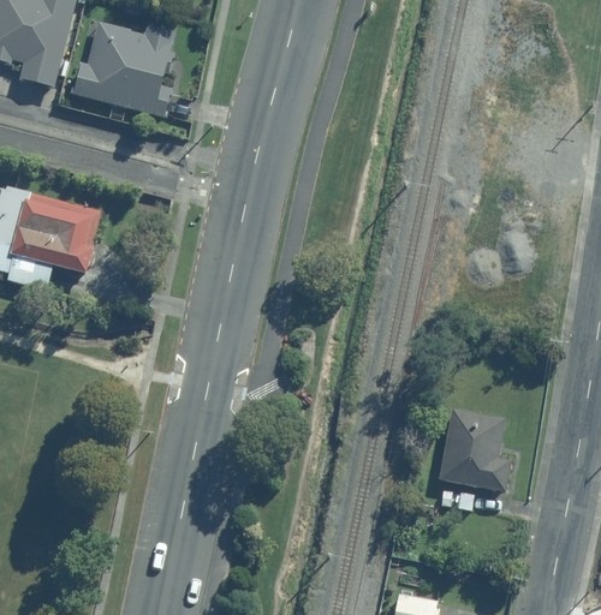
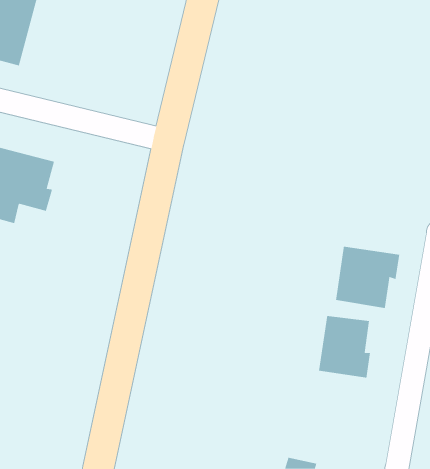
building: [71,19,179,118] -> none
building: none -> [335,246,400,309]

